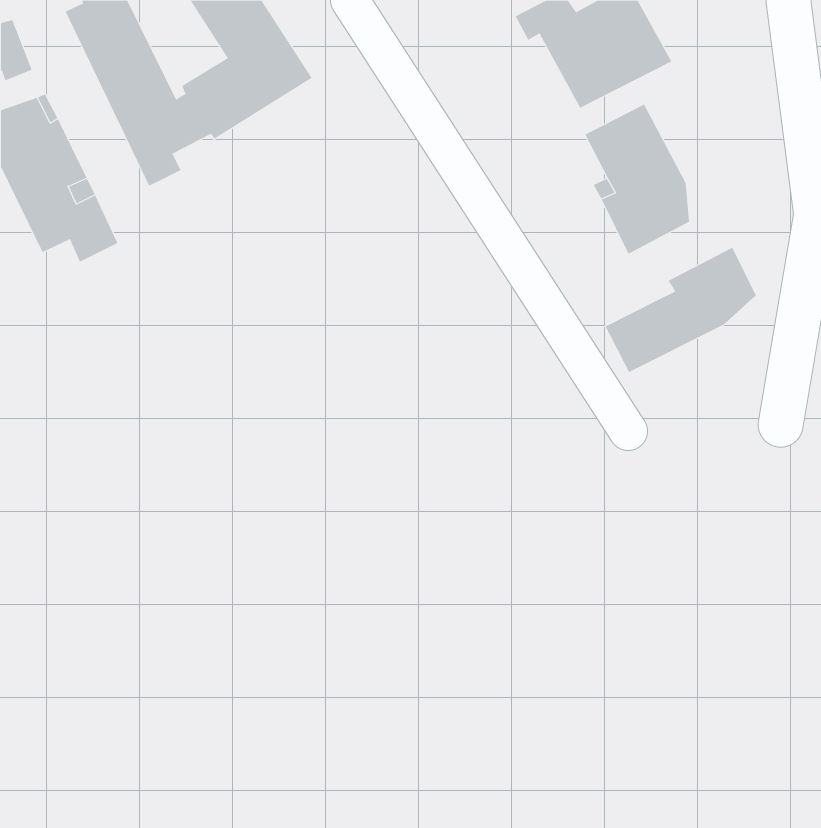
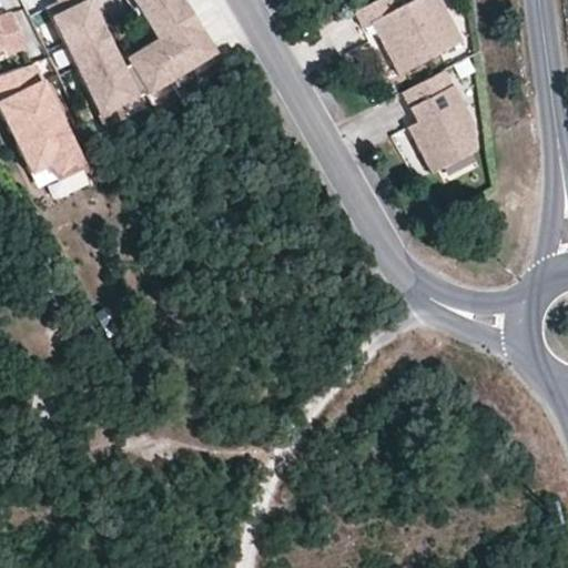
building: [605,247,756,373] -> none

